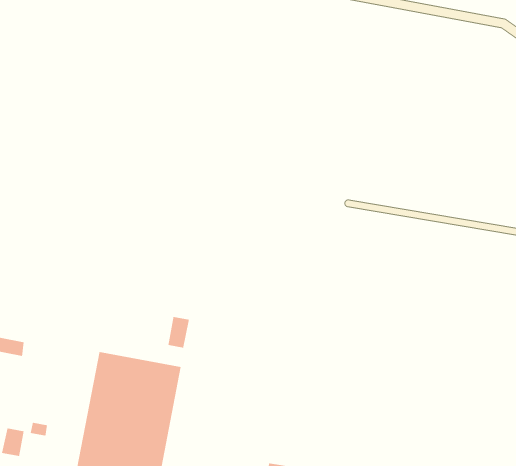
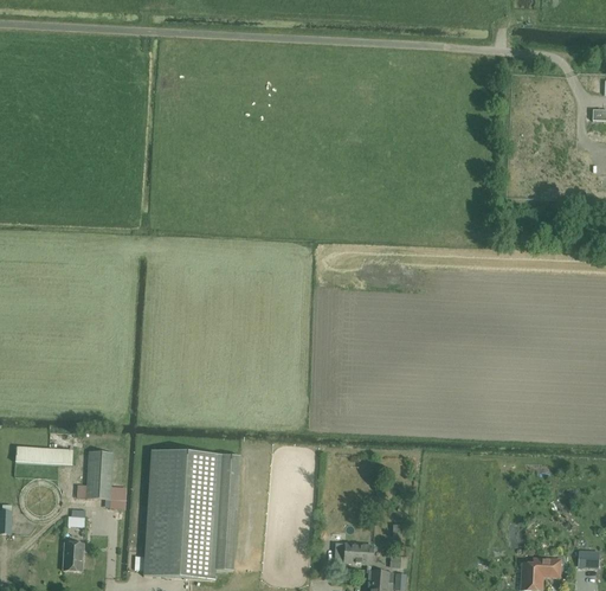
building: [168,316,190,349] -> none
building: none -> [86,450,114,499]

